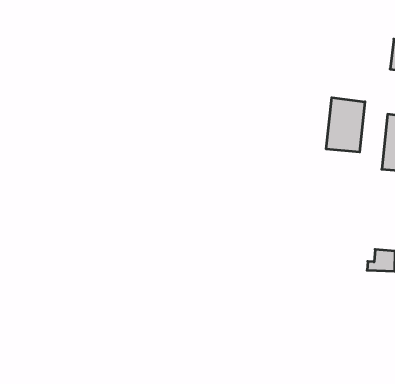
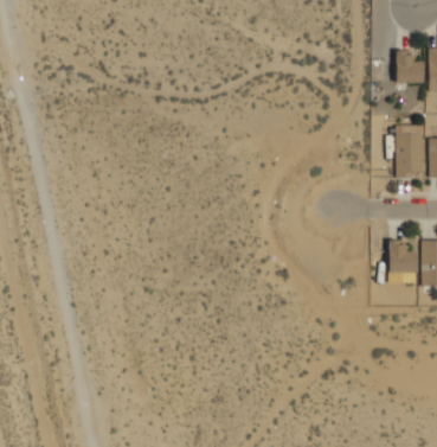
building: [326,98,365,152] -> none

